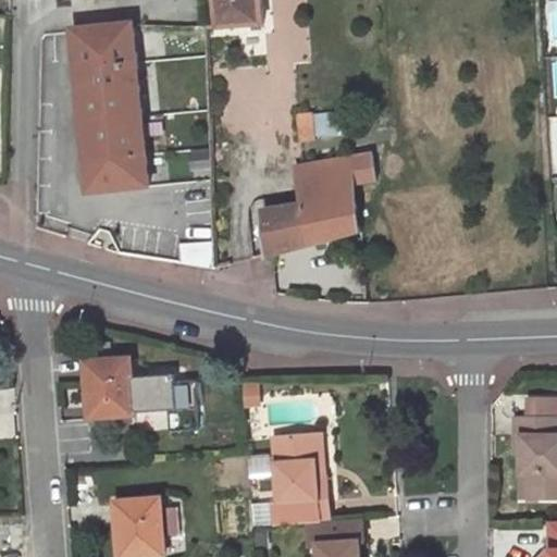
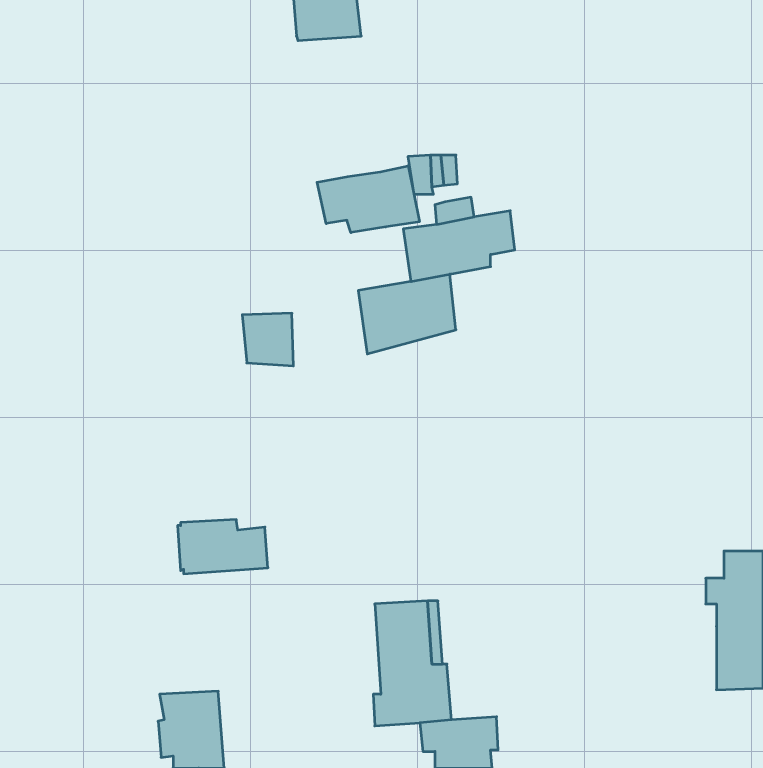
building: [70,24,147,193] -> none
building: none -> [317,166,419,233]
building: [325,193,358,238] -> none
building: [83,359,131,417] -> none

